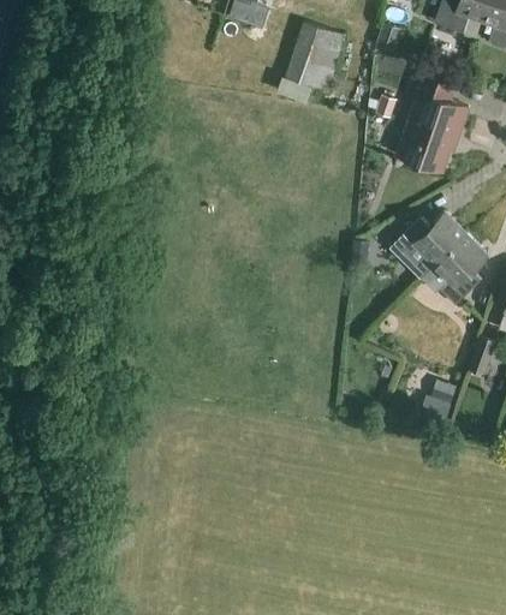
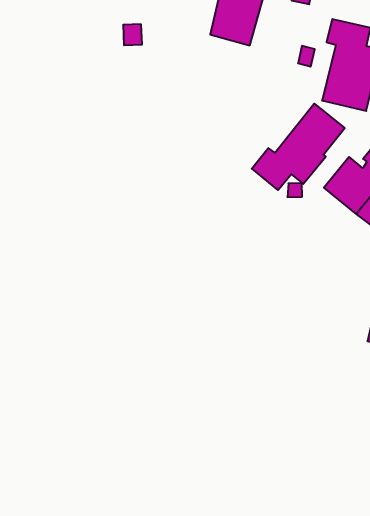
building: none -> [252,104,345,190]

